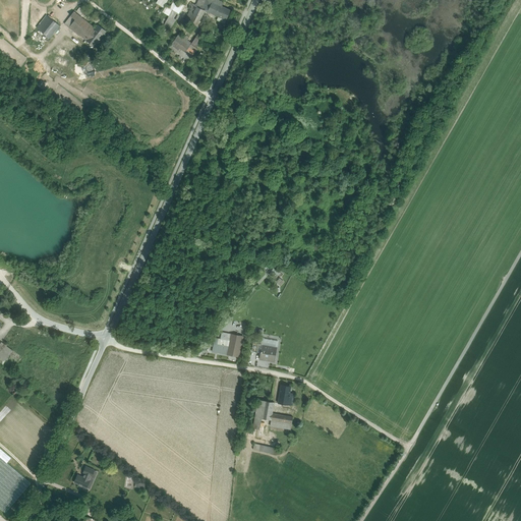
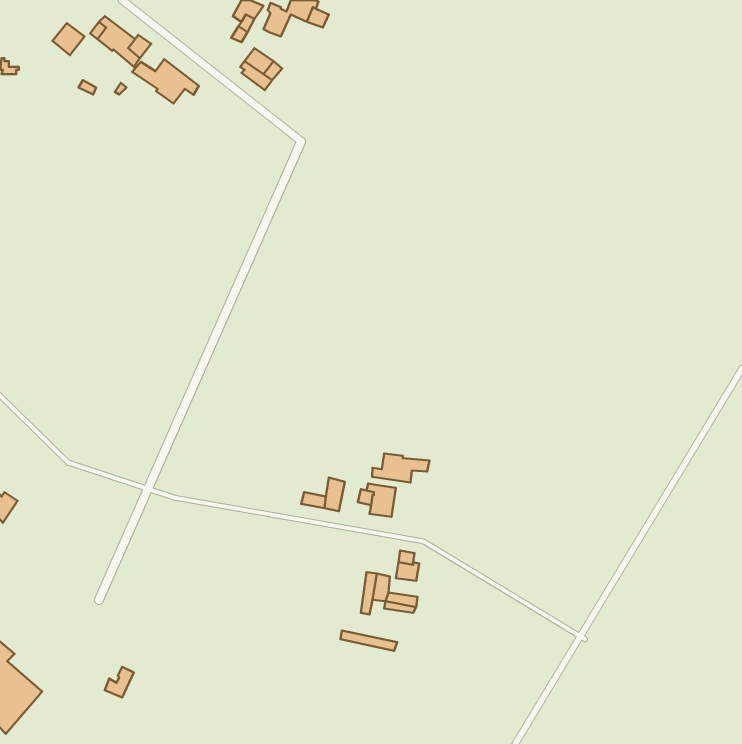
building: none -> [132,59,199,104]
building: none -> [372,454,430,483]

